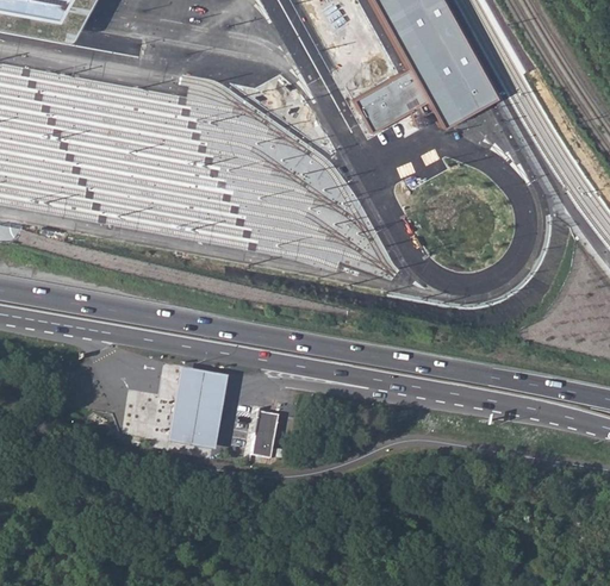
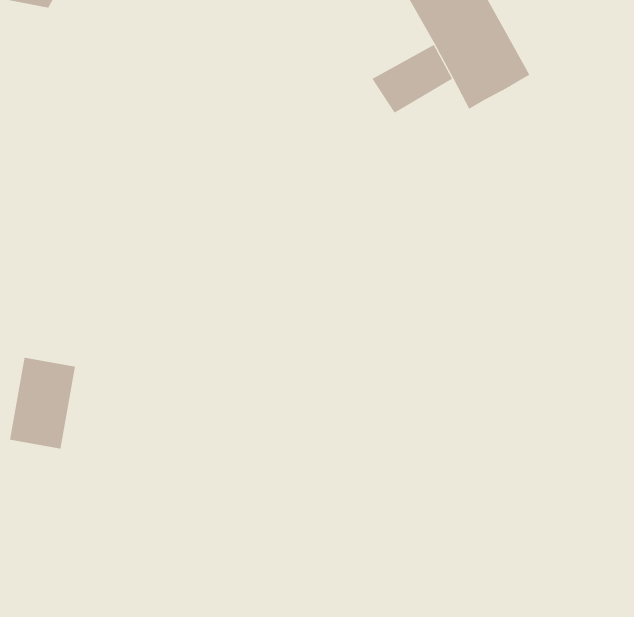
building: [168,364,228,447] -> [9,357,76,449]
building: [253,407,280,456] -> none

